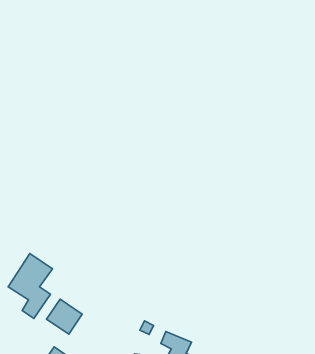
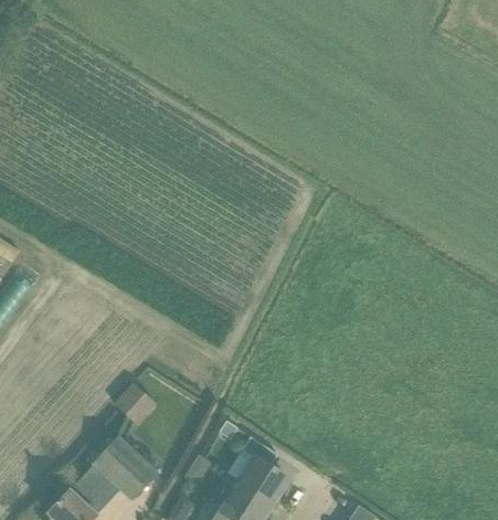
building: [8,253,53,319] -> none

